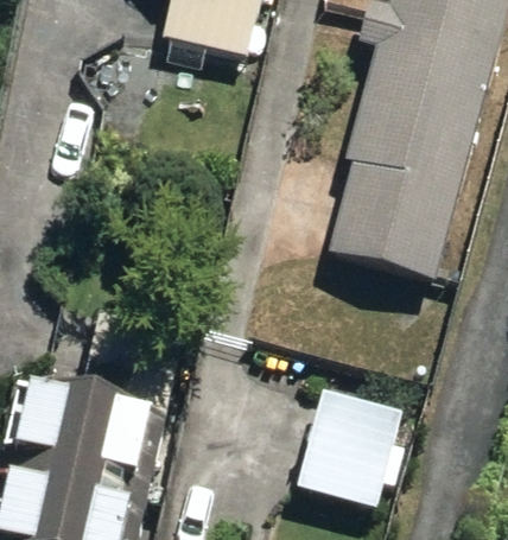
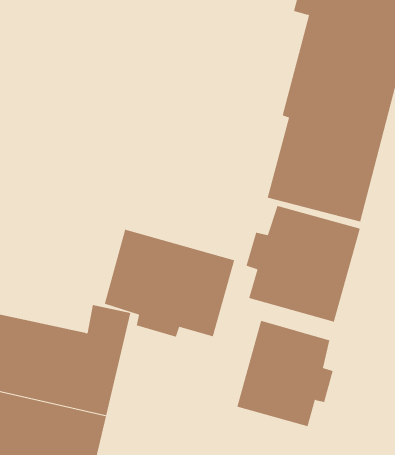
building: none -> [246,205,361,323]
building: none -> [104,229,235,337]

